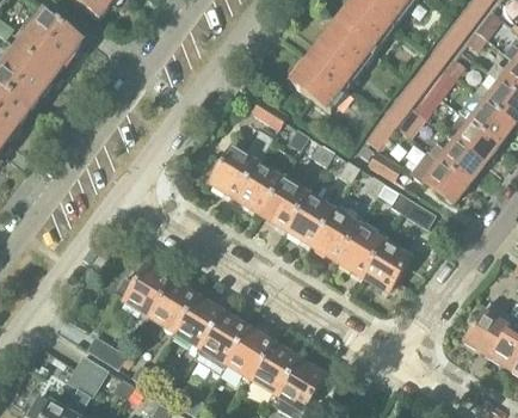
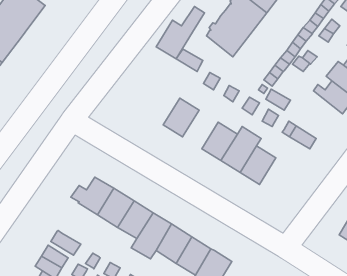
building: [209,129,272,197] -> [156,6,205,59]
building: [407,148,469,203] -> none
building: [260,171,312,228] -> none
building: [360,240,409,291] -> none

